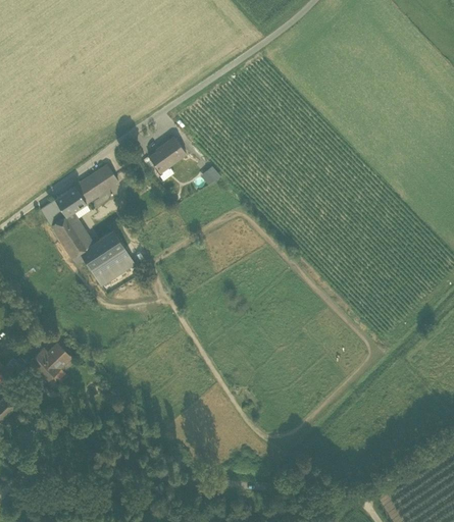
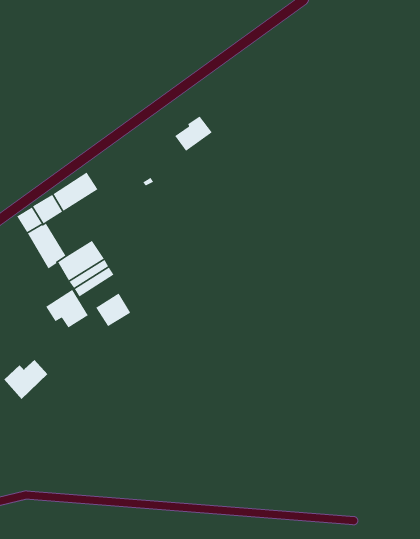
building: [150,138,187,172] -> [174,115,213,152]
building: none -> [45,289,89,329]
building: none -> [95,292,132,327]

